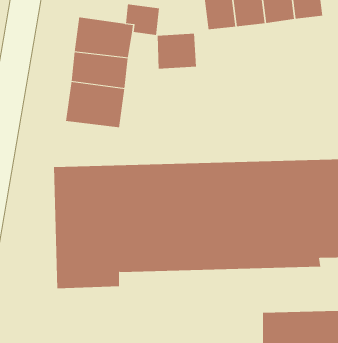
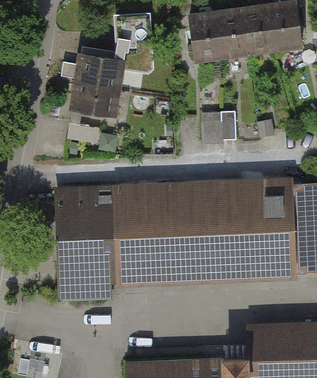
building: [157,33,197,69] -> [200,110,237,143]

